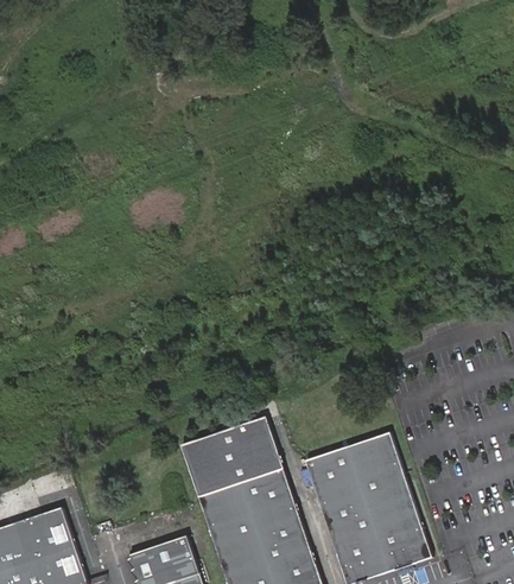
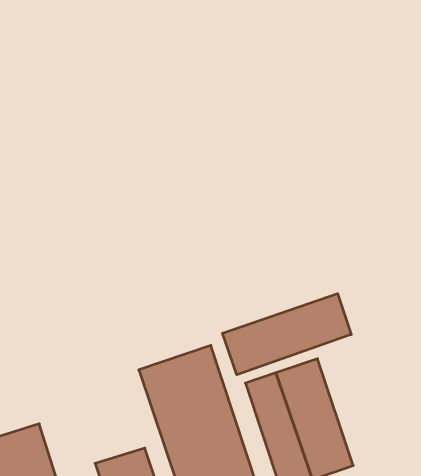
building: none -> [223,294,351,375]

